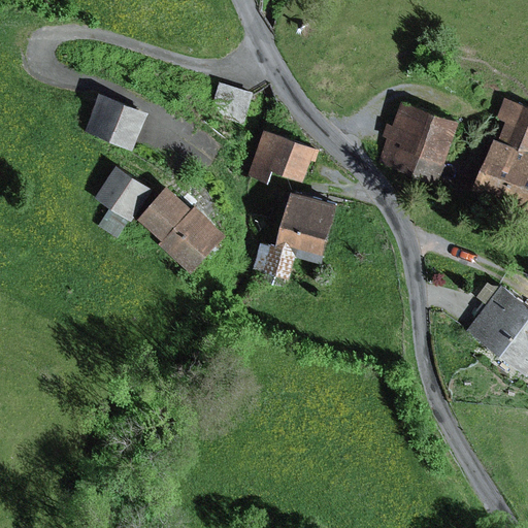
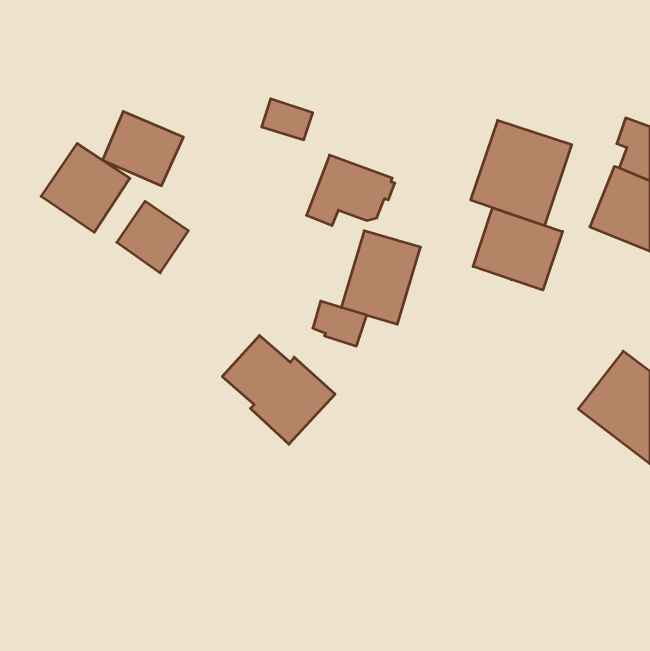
building: none -> [41,143,130,232]
building: none -> [473,208,563,290]
building: [136,186,227,273] -> [222,335,335,444]

